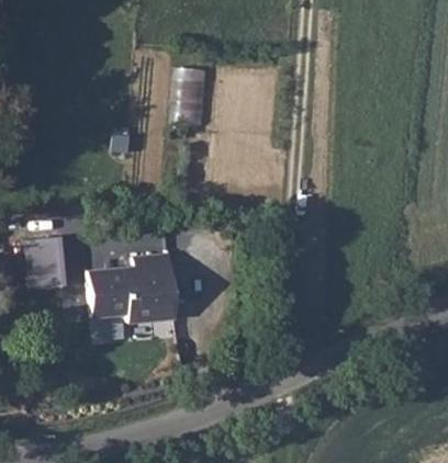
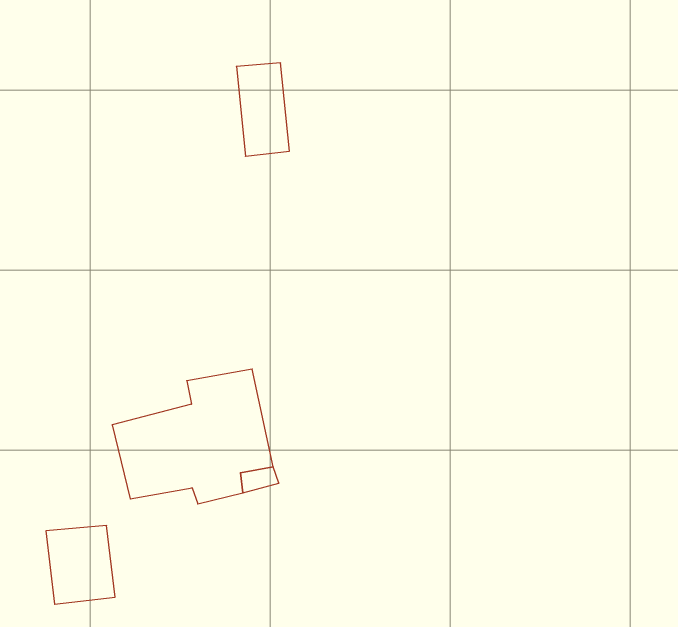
building: [30,244,66,287] -> [46,526,115,604]

